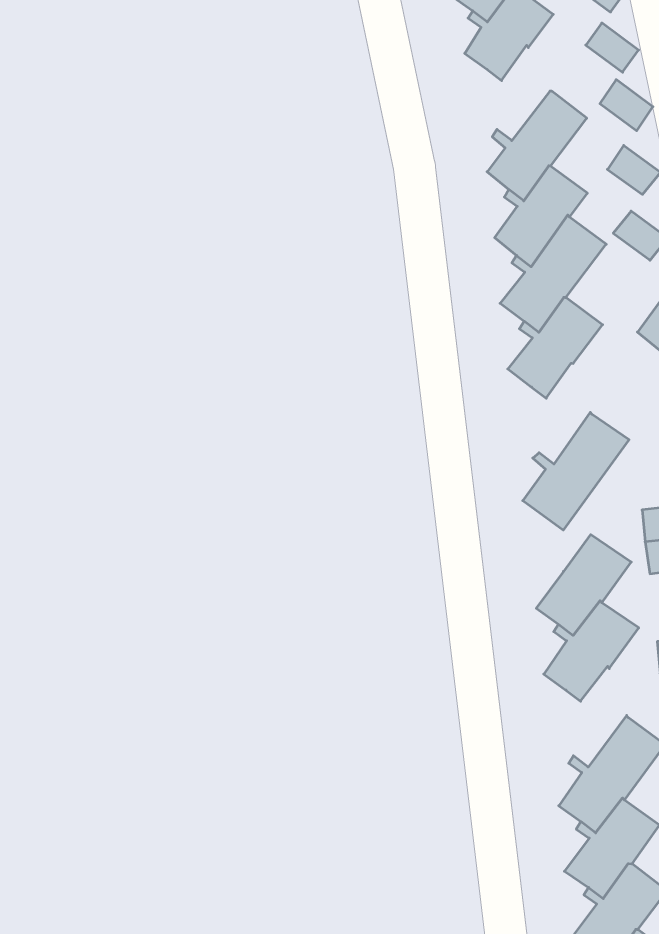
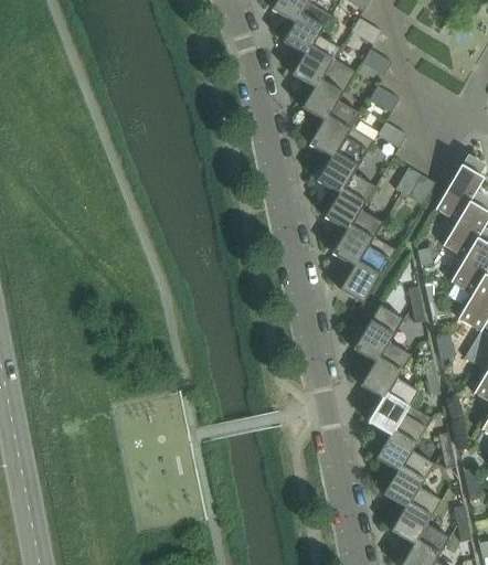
building: none -> [293,34,340,88]
building: none -> [332,210,383,267]
building: none -> [369,377,418,435]

